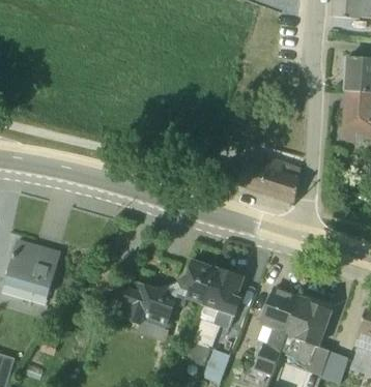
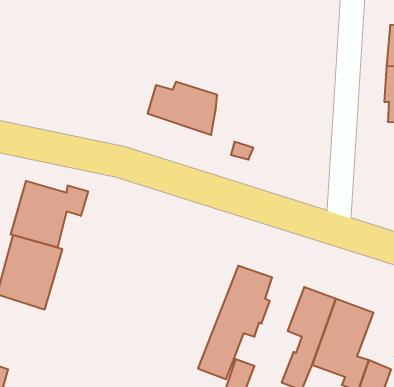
building: [238,155,299,202] -> [148,82,217,135]
building: none -> [11,181,88,247]
building: [118,260,215,326] -> none

